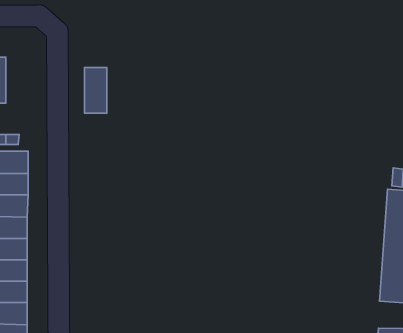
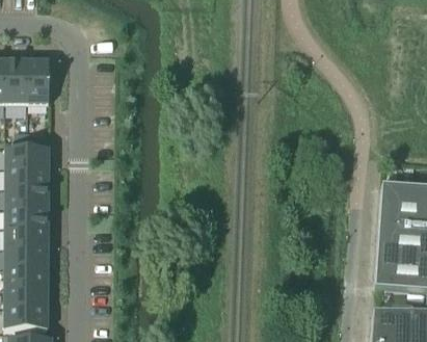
building: [84,67,107,113] -> [28,58,49,101]

